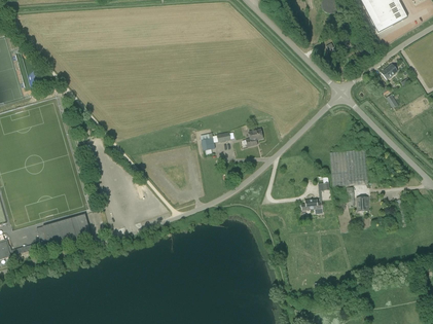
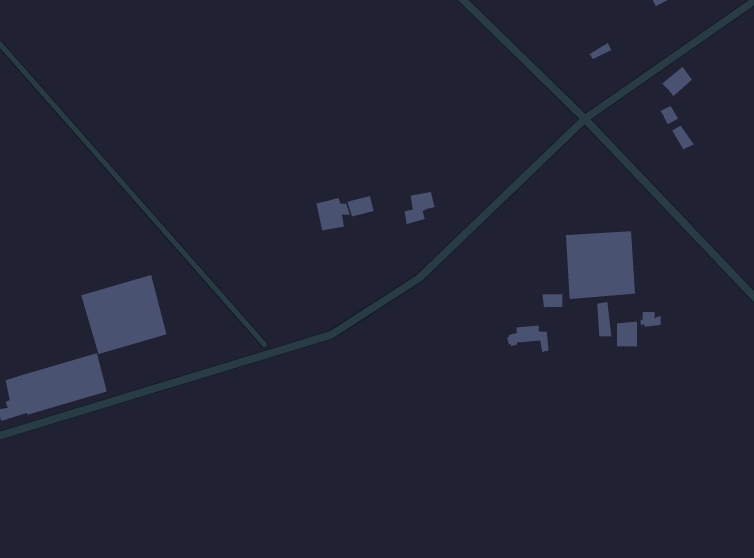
building: none -> [80,274,167,355]

